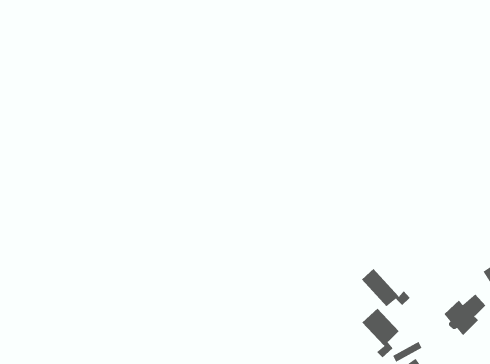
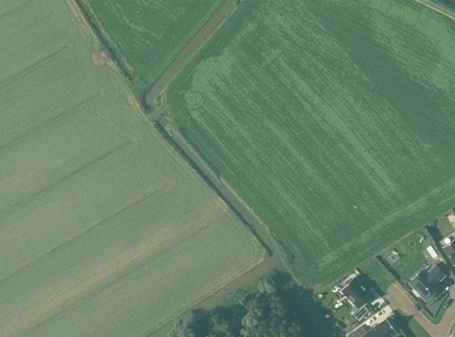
building: [361,268,410,307] -> none

